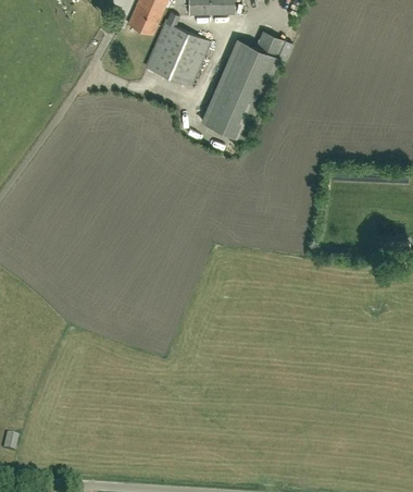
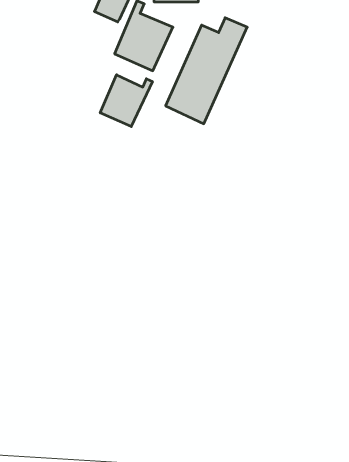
building: none -> [100,75,152,127]

